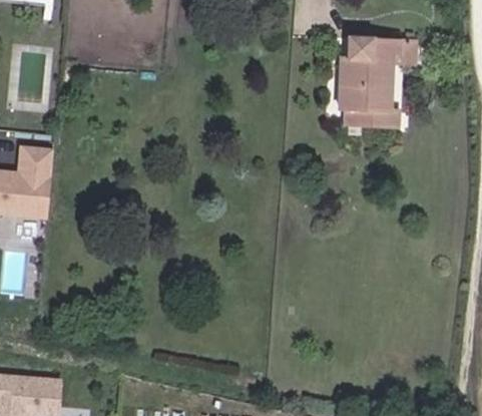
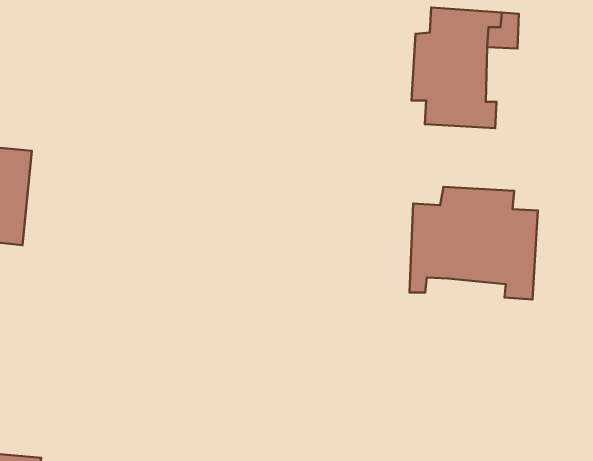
building: none -> [410,187,538,299]

